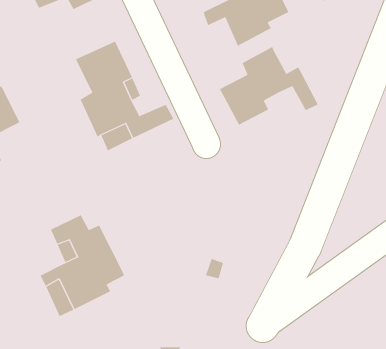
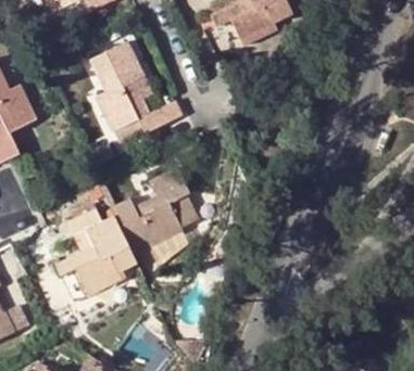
building: [219,46,319,126] -> none
building: none -> [110,167,202,255]

